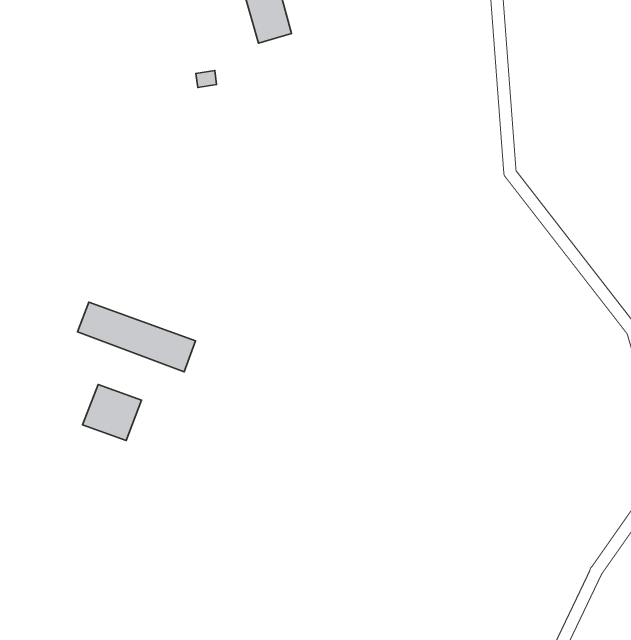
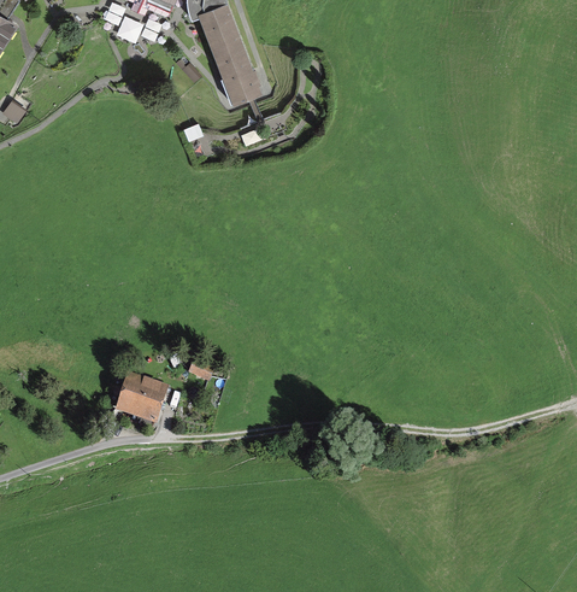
building: [77,302,195,372] -> none

